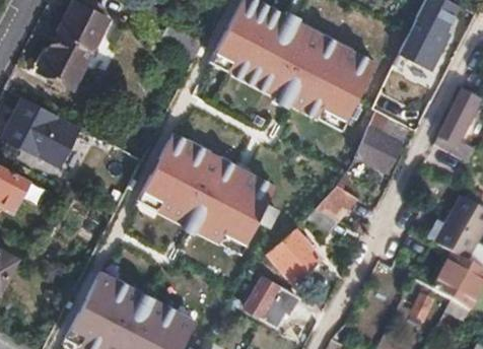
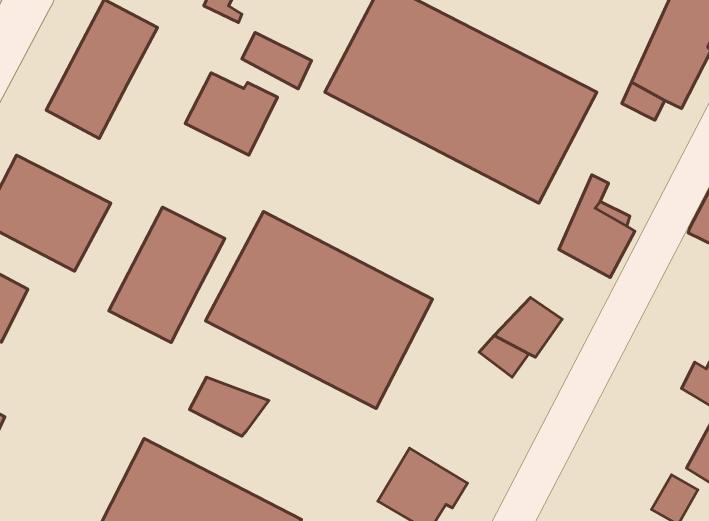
building: none -> [185,73,277,155]
building: none -> [109,207,225,343]
building: [267,229,319,281] -> none
building: none -> [190,377,269,436]

